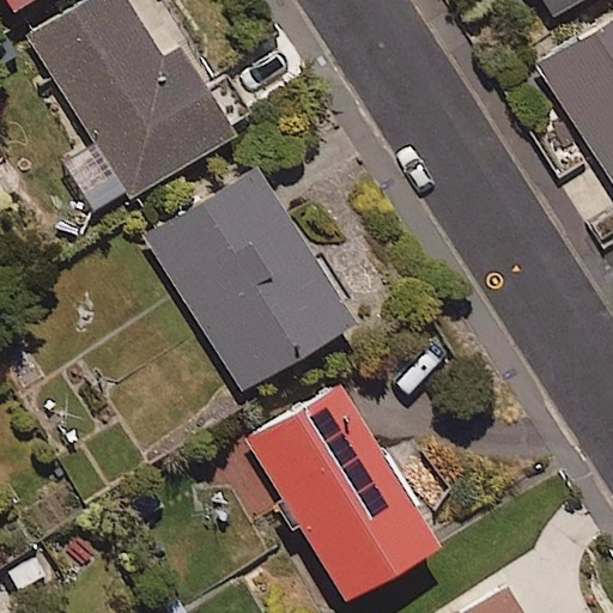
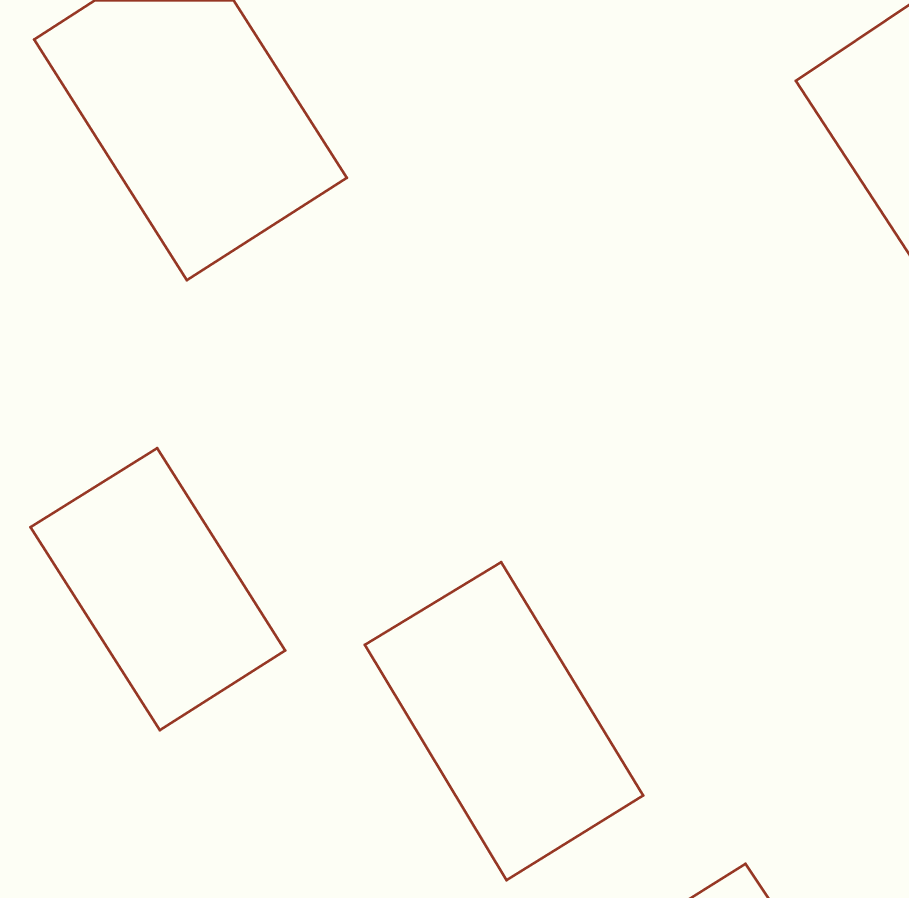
building: [145,168,352,389] -> none
building: none -> [30,448,285,730]

